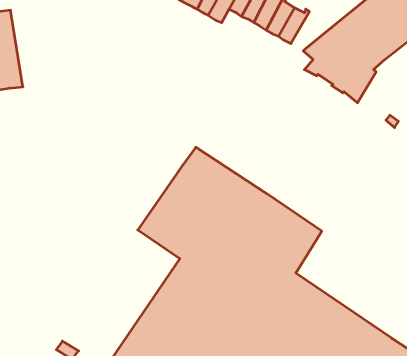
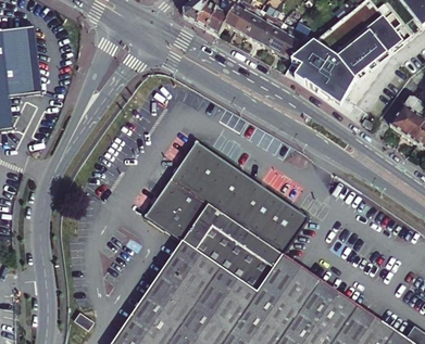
building: none -> [279,20,315,60]

